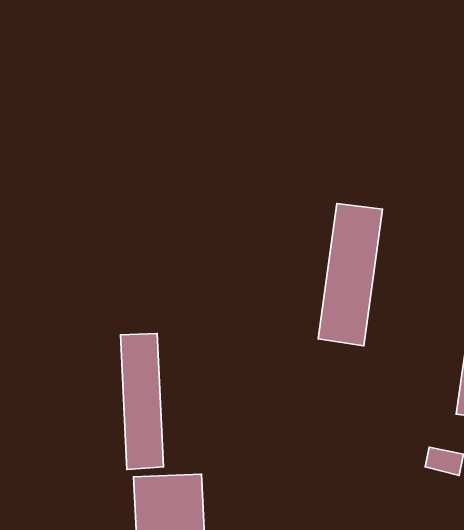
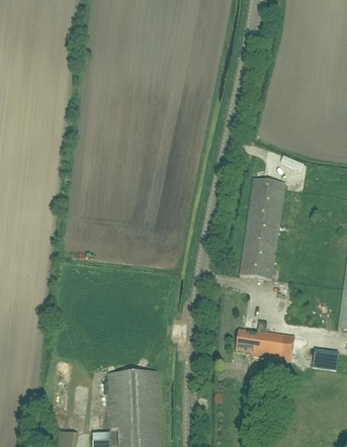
building: [121,334,164,470] -> none
building: none -> [236,320,295,360]

